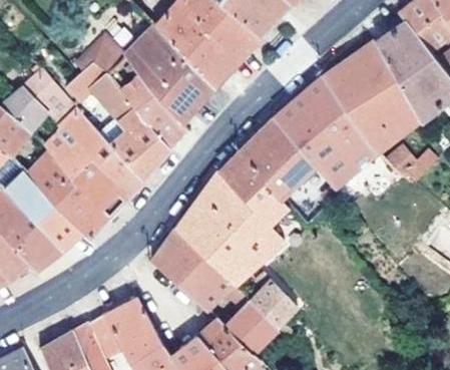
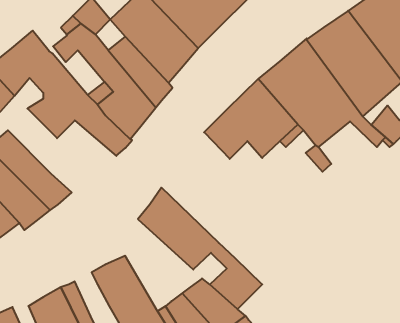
building: [19,147,129,238] -> none
building: [175,171,288,284] -> none
building: [251,271,299,335] -> none
building: [87,314,122,358] -> none

